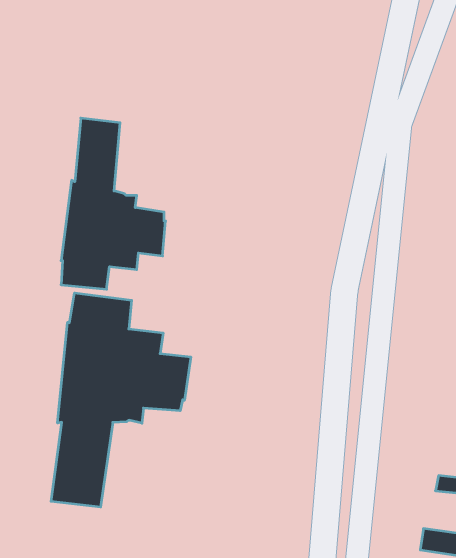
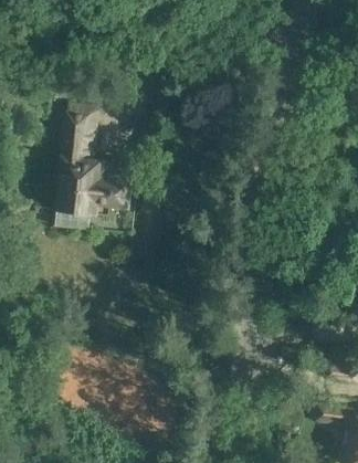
building: [51,293,191,507] -> none

